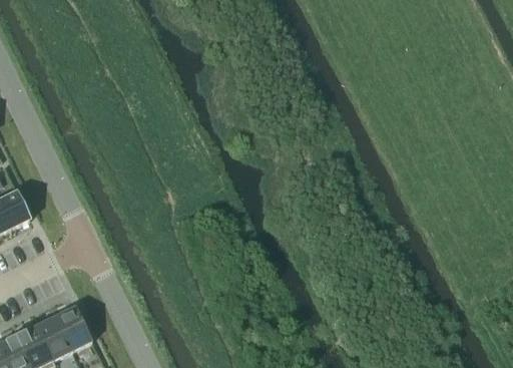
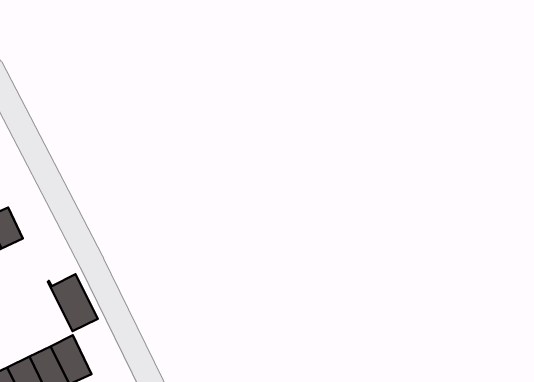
building: none -> [48,274,98,331]

